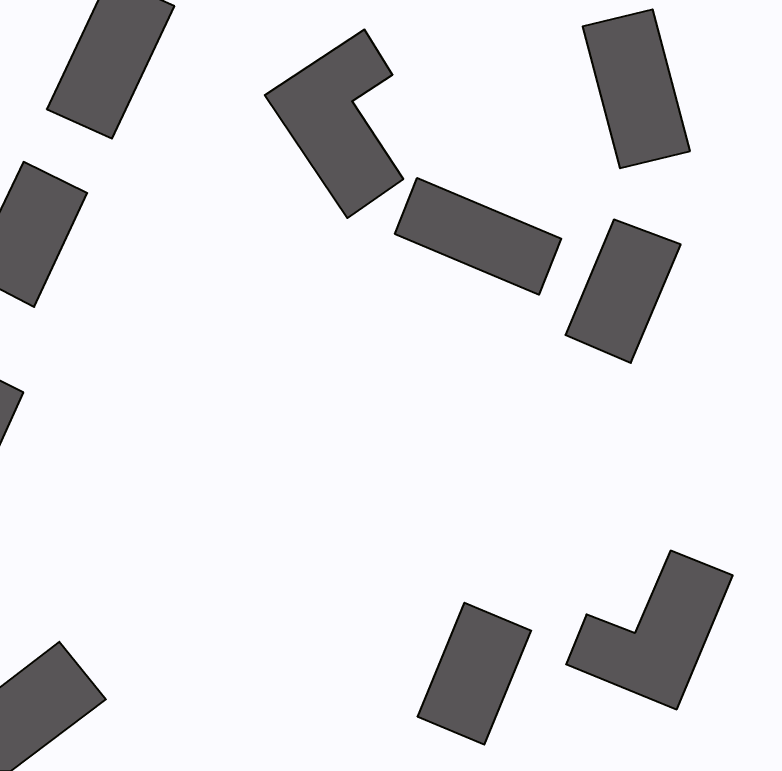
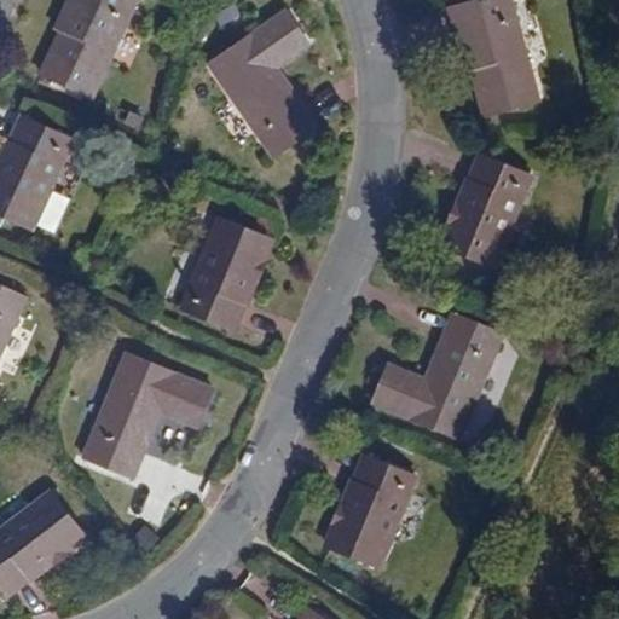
building: [395,178,561,295] -> none
building: none -> [180,225,271,337]
building: none -> [81,361,209,482]
building: [566,551,733,709] -> [370,328,499,451]

